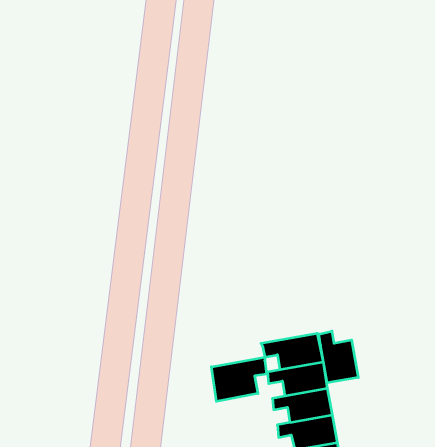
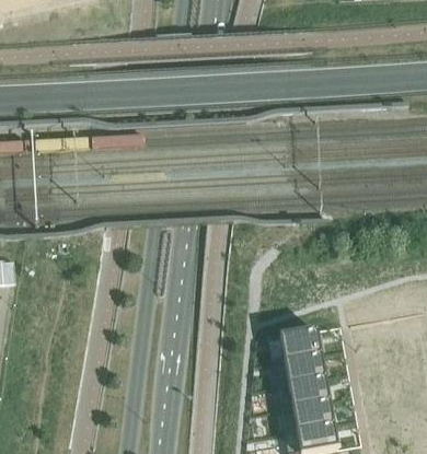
building: [319,331,358,383] -> none
building: [211,357,267,401] -> none

